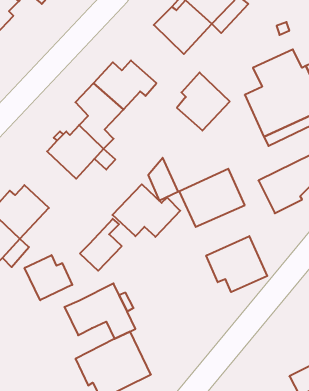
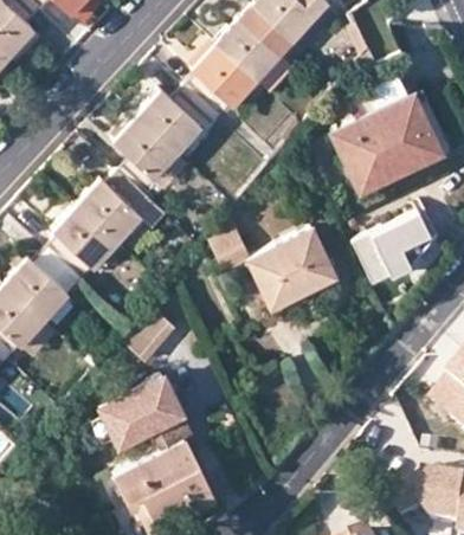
building: [177,72,230,131] -> [186,41,254,117]
building: none -> [47,206,115,279]
building: [112,184,180,237] -> none
building: [206,236,267,292] -> none
building: [25,255,72,300] -> none

